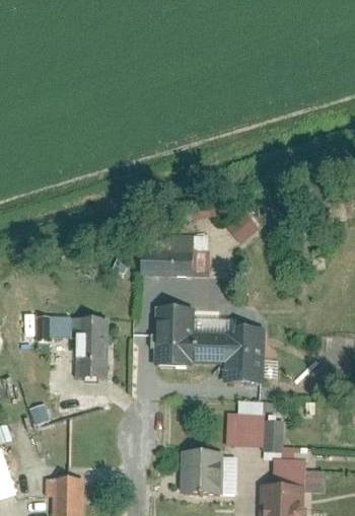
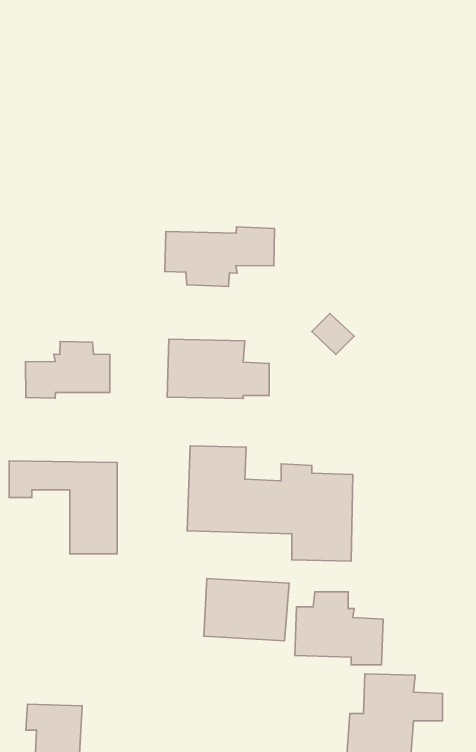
building: none -> [165,227,274,286]
building: none -> [26,341,110,398]
building: [181,451,237,493] -> [204,578,289,641]

